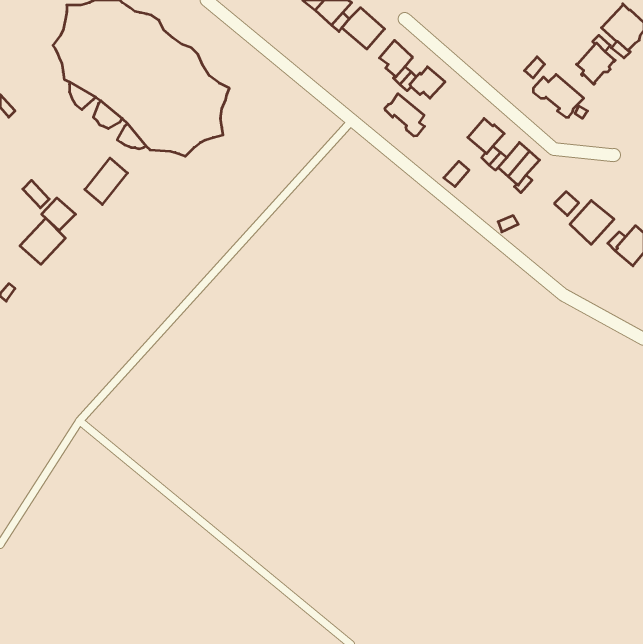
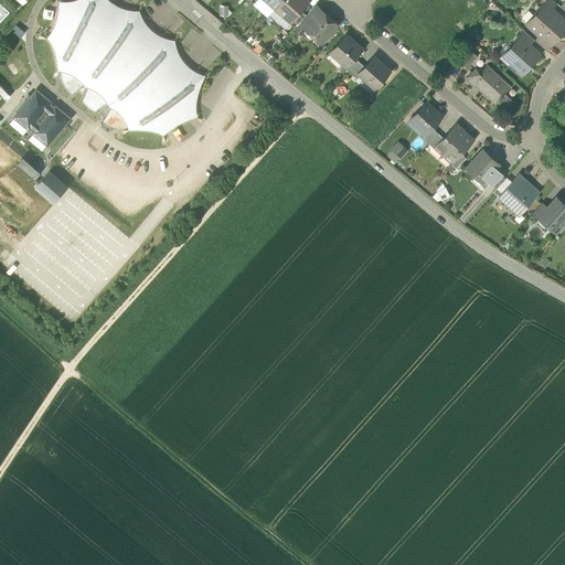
building: [385,94,425,136] -> none
building: none -> [14,92,52,131]
building: [85,158,128,205] -> [34,107,72,148]
building: none -> [468,149,500,178]
building: [20,218,65,264] -> none

